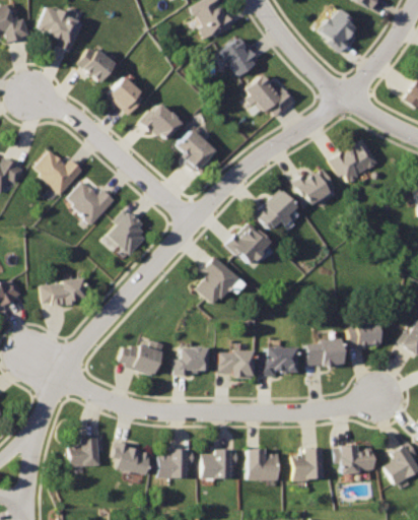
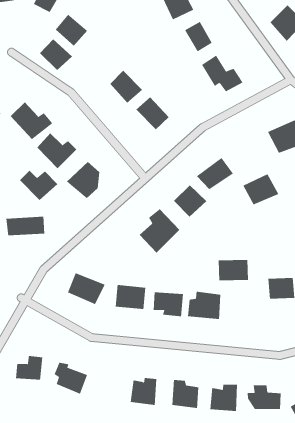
building: [107,78,145,115] -> [39,38,73,71]
building: [292,167,335,204] -> [243,173,279,205]
building: none -> [19,170,58,201]
building: [305,340,343,368] -> [218,260,249,281]
building: [159,450,194,477] -> none

